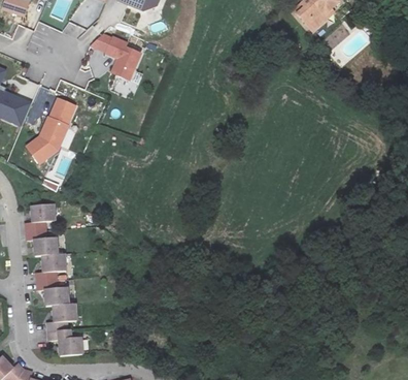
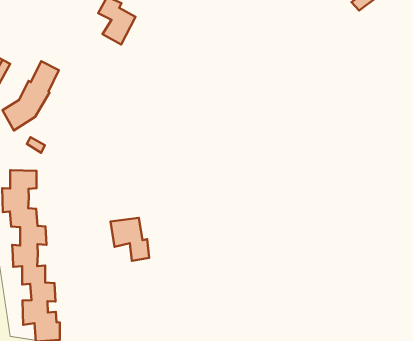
building: none -> [110,218,149,261]

